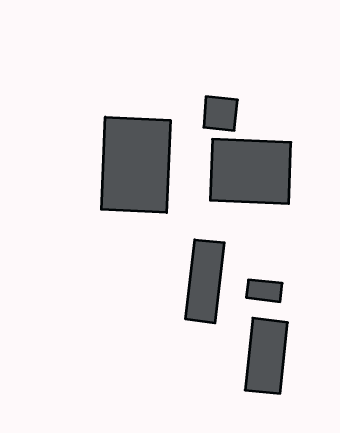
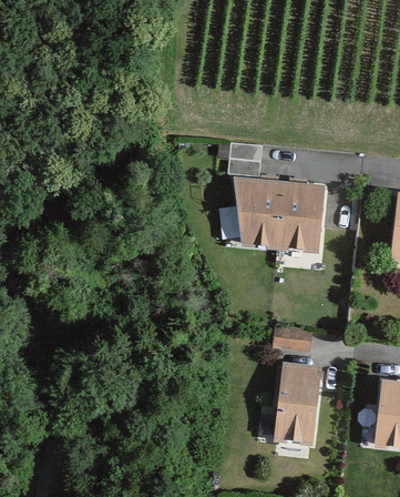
building: [101,117,170,213] -> none
building: [186,240,224,323] -> none

